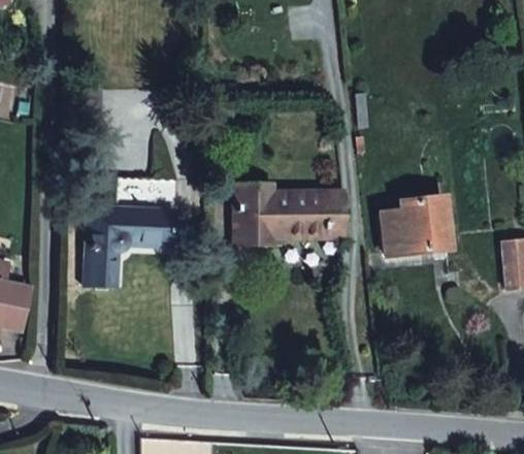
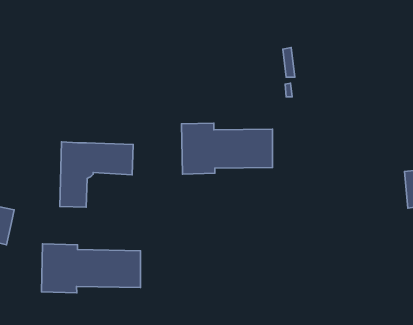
building: [380,197,449,256] -> none
building: none -> [42,244,140,293]

